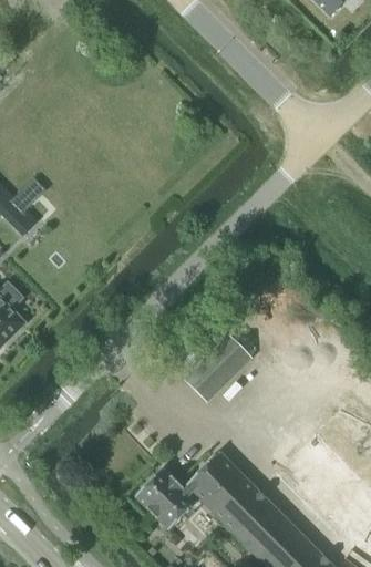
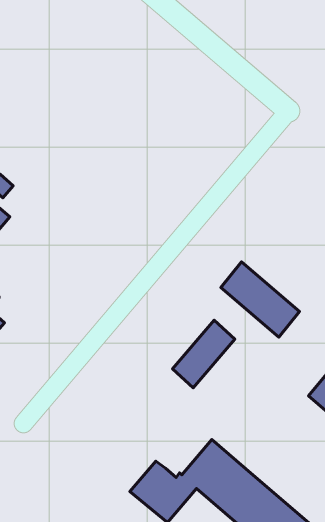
building: none -> [221,262,299,337]

